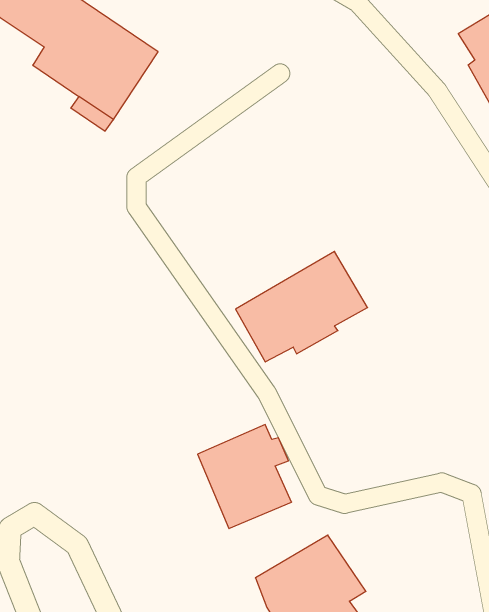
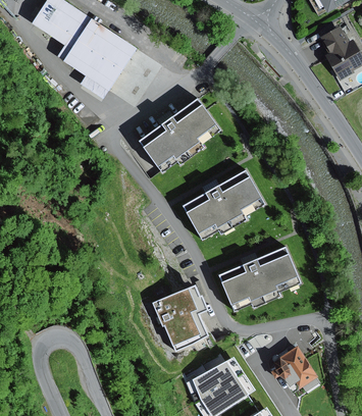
building: none -> [136,100,218,174]
building: none -> [223,243,304,306]
building: none -> [273,342,320,389]

